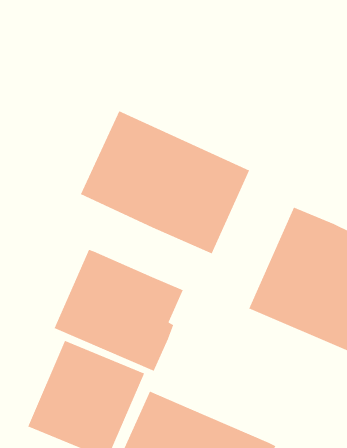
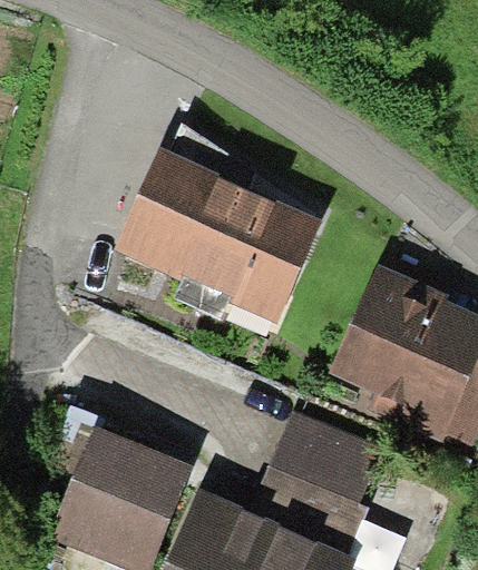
building: [53,249,184,372] -> none
building: none -> [248,411,381,553]

